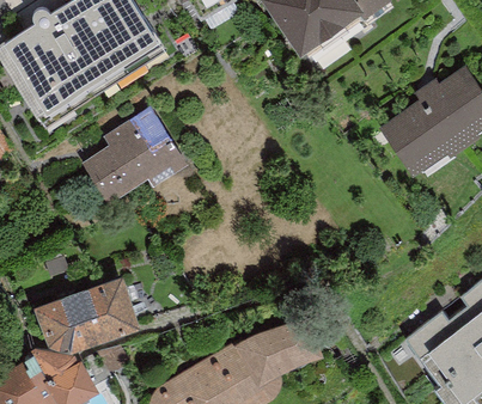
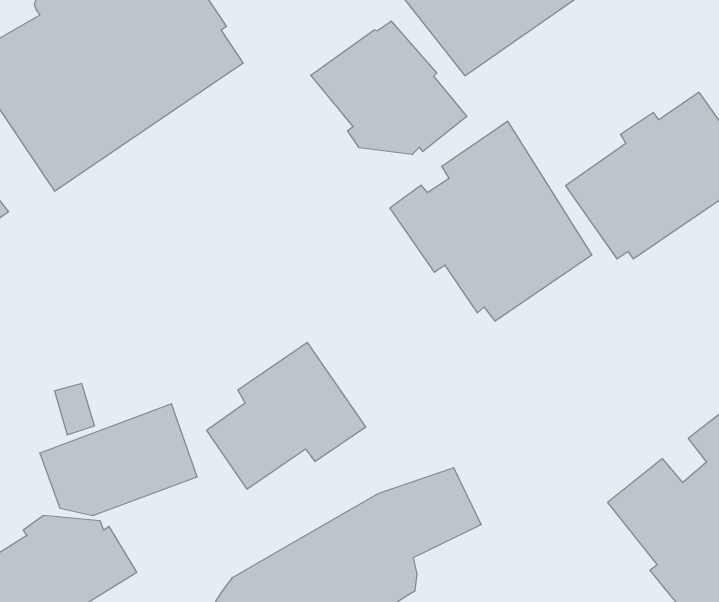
building: none -> [311,21,467,155]
building: none -> [390,121,592,321]
building: [81,106,185,202] -> [207,343,366,489]

